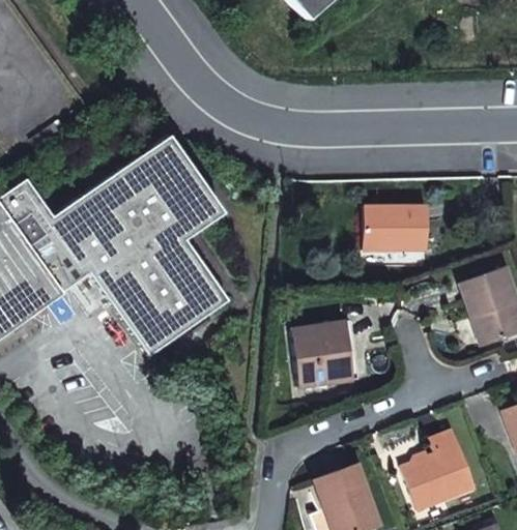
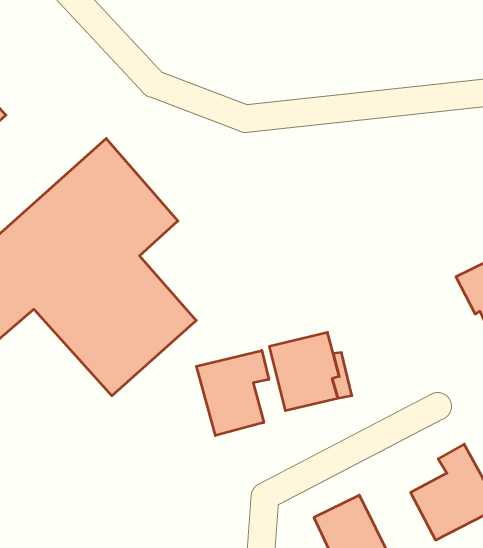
building: [364,205,427,249] -> none
building: none -> [196,350,269,436]

